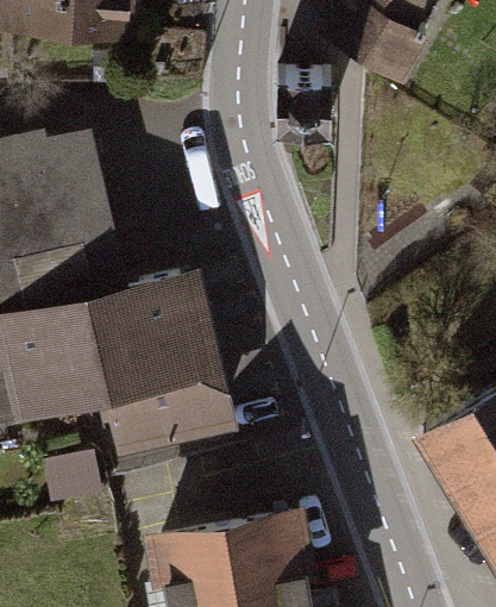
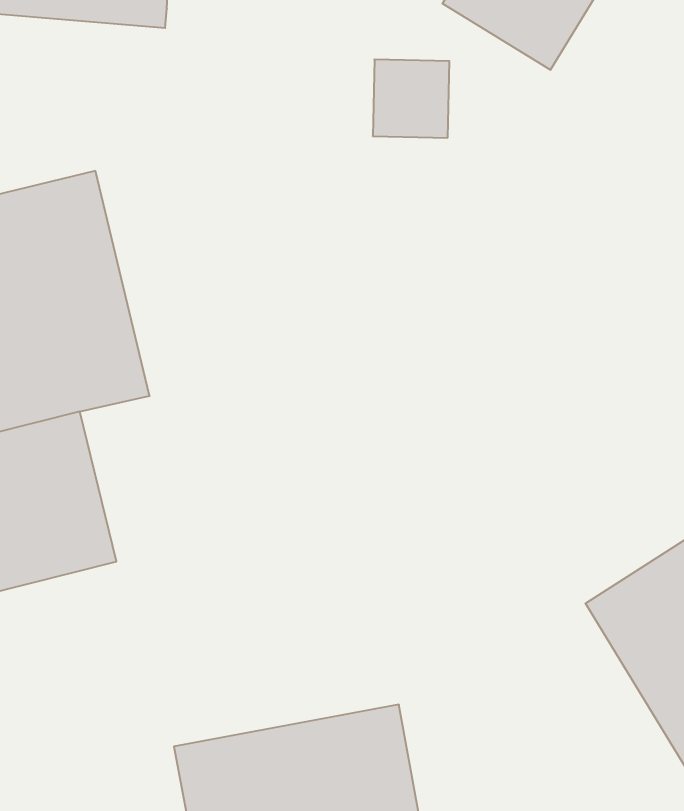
building: [79,274,240,456] -> none

